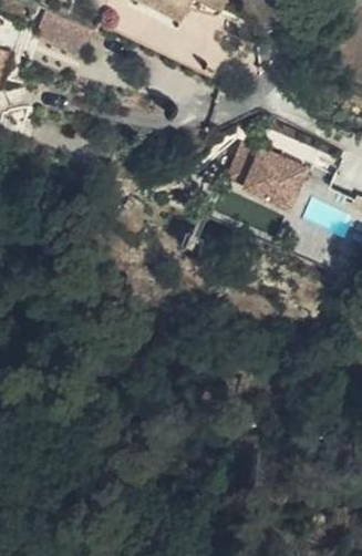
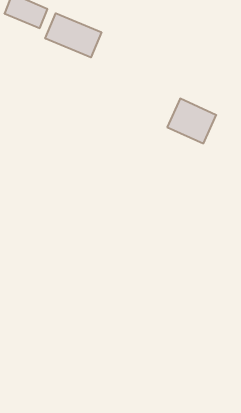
building: none -> [45,13,101,57]

